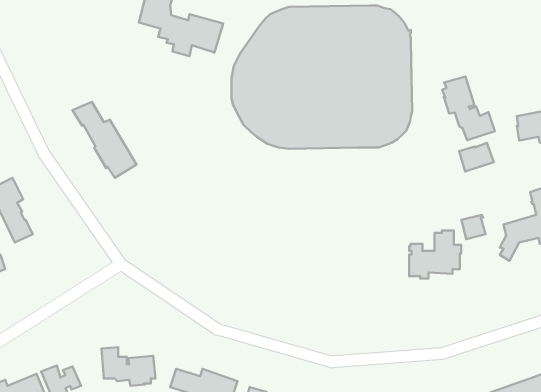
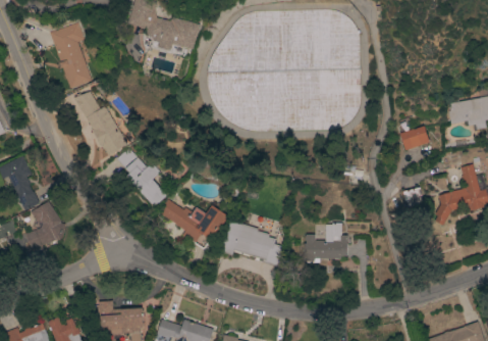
building: none -> [50,23,92,90]
building: [442,76,495,140] -> none
building: none -> [116,148,167,208]
building: [409,231,461,279] -> [305,224,348,264]
building: none -> [161,201,228,251]
building: none -> [25,202,65,250]
building: none -> [222,222,283,267]

